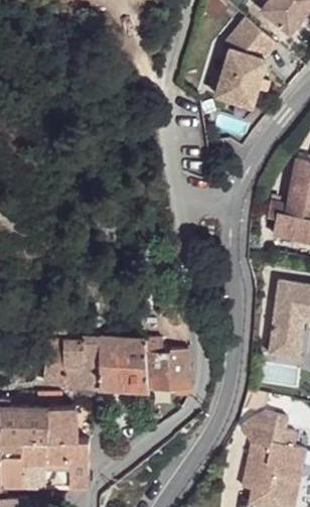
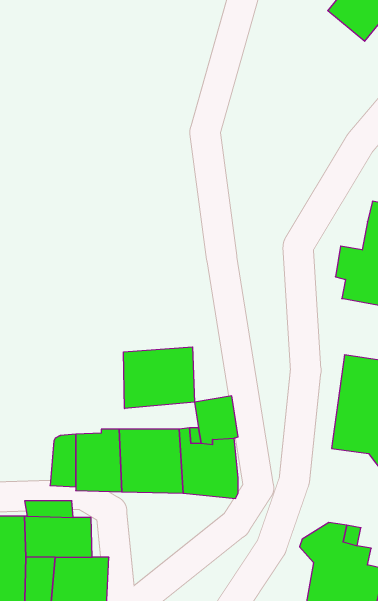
building: [221,16,271,103] -> none
building: none -> [124,347,195,409]

